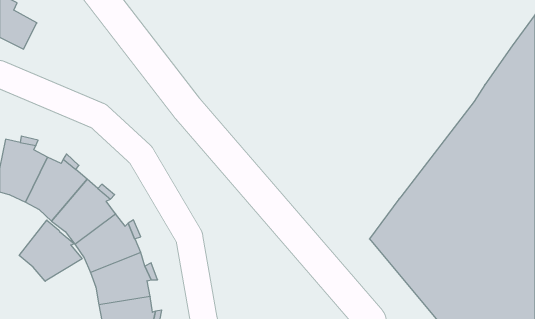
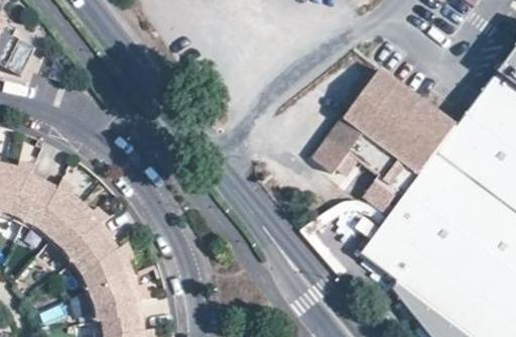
building: none -> [311,68,457,217]
building: [19,220,82,281] -> none

